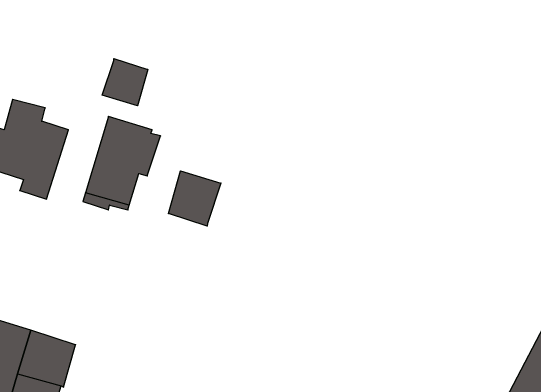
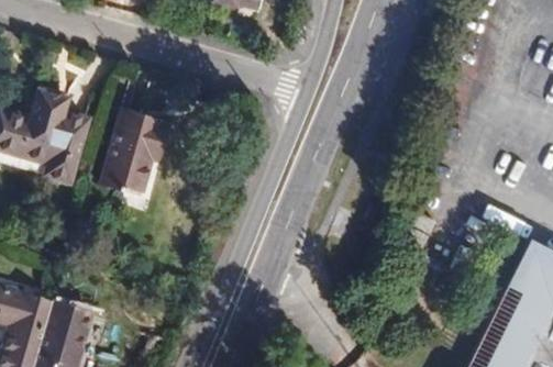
building: [102,59,148,106] -> none
building: [168,171,221,226] -> none

